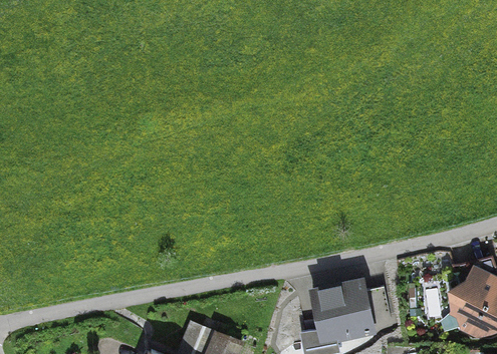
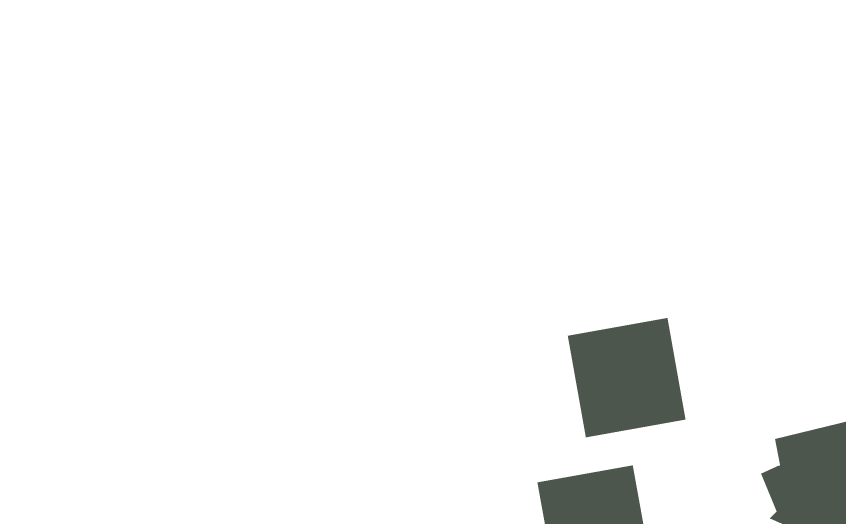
building: none -> [567,317,686,438]

